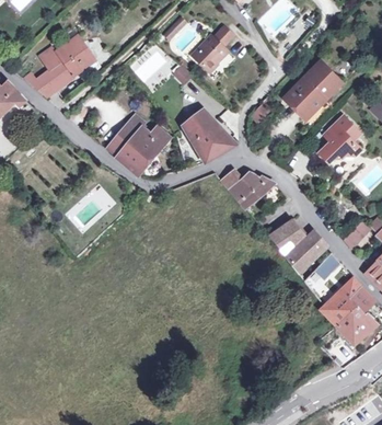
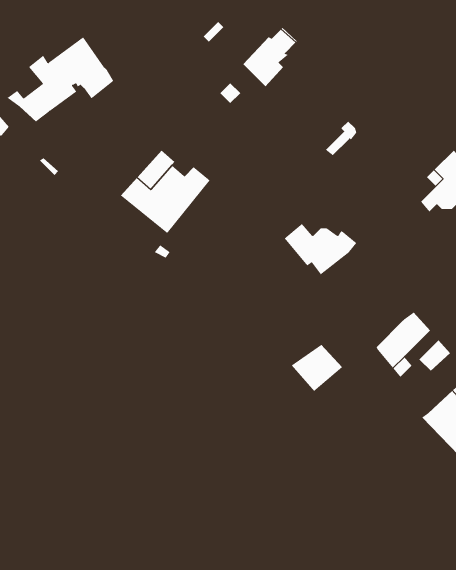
building: [285,62,339,117] -> none
building: [183,112,238,163] -> none
building: [268,220,305,254] -> [291,344,343,392]

